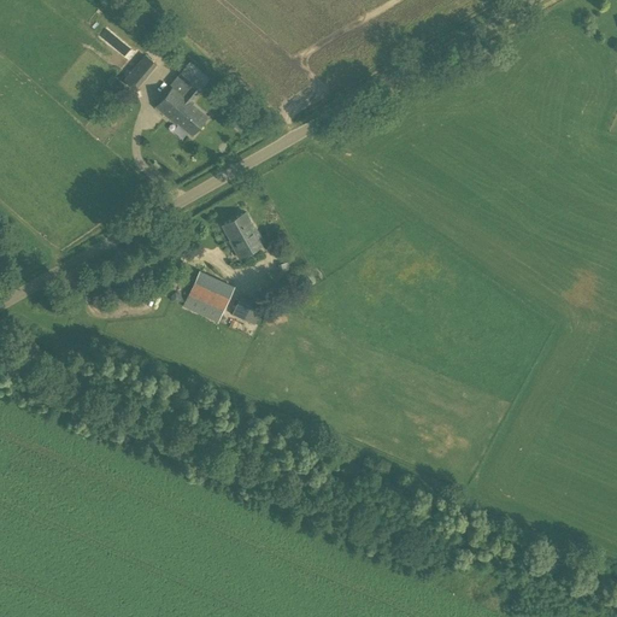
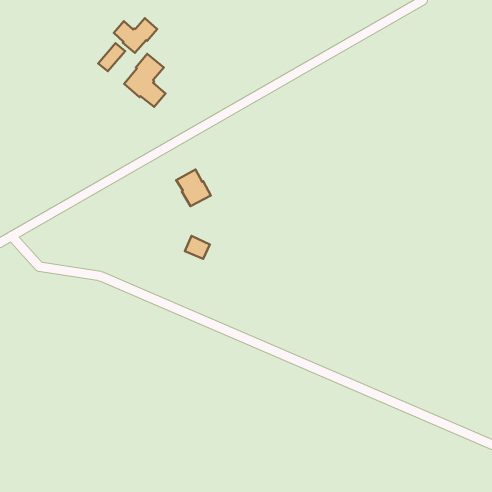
building: none -> [114,18,157,53]
building: [182,270,234,323] -> none

